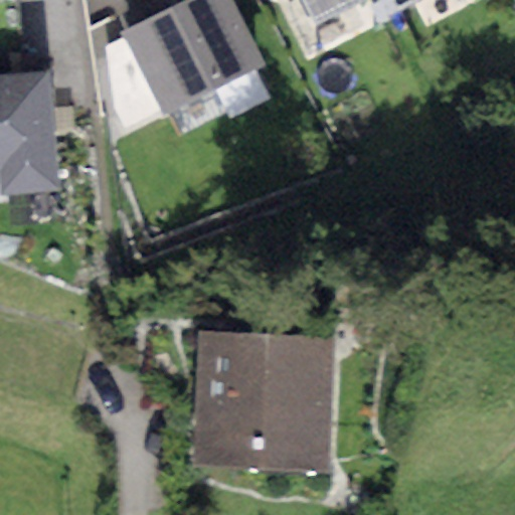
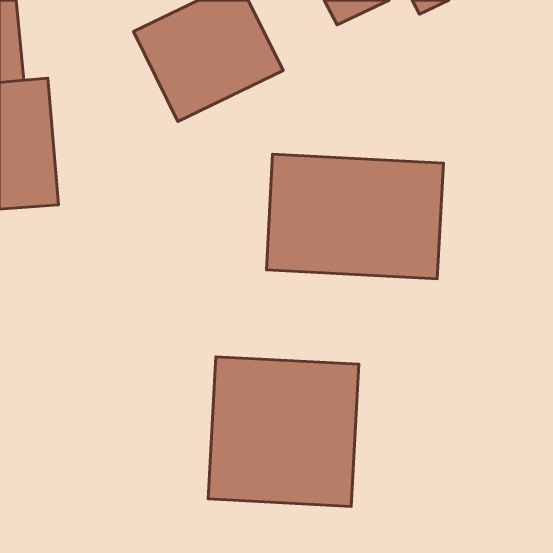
building: none -> [266,154,443,279]

